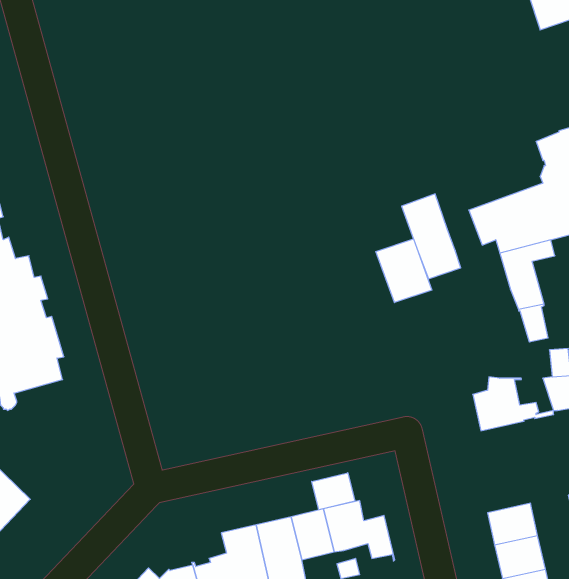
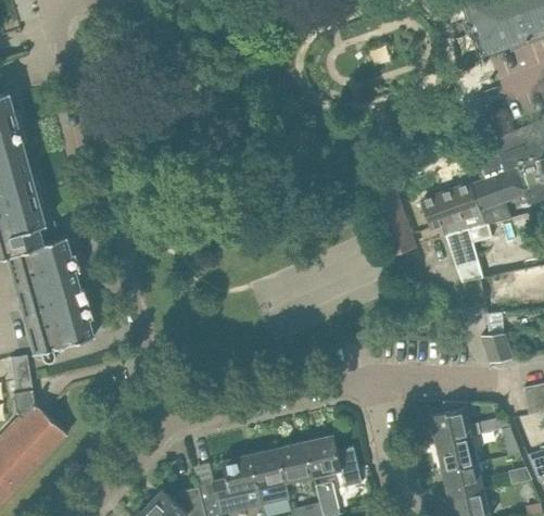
building: [376,239,432,303] -> none
building: [473,377,554,431] -> [430,403,495,446]
building: [312,473,355,510] -> none

